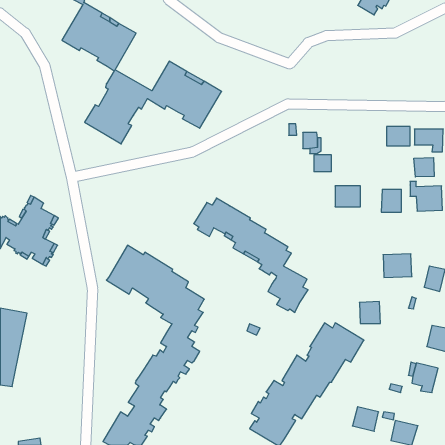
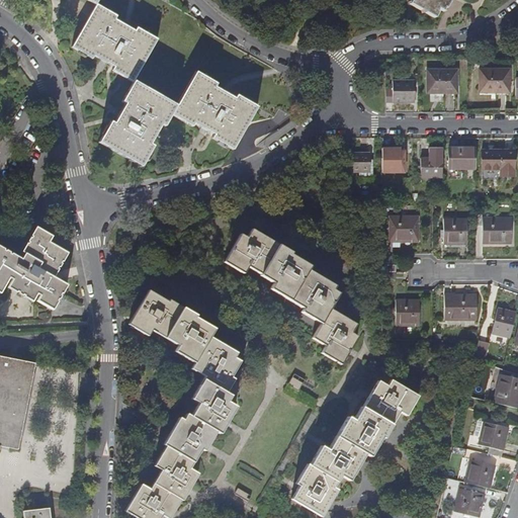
building: none -> [481,70,510,91]
building: none -> [429,71,457,91]
building: none -> [386,80,415,102]
building: none -> [422,148,443,176]
building: [314,155,331,172] -> [381,147,402,166]
building: [414,158,434,177] -> none
building: [359,302,380,323] -> [397,299,421,325]
building: [352,407,379,431] -> [465,459,496,488]

